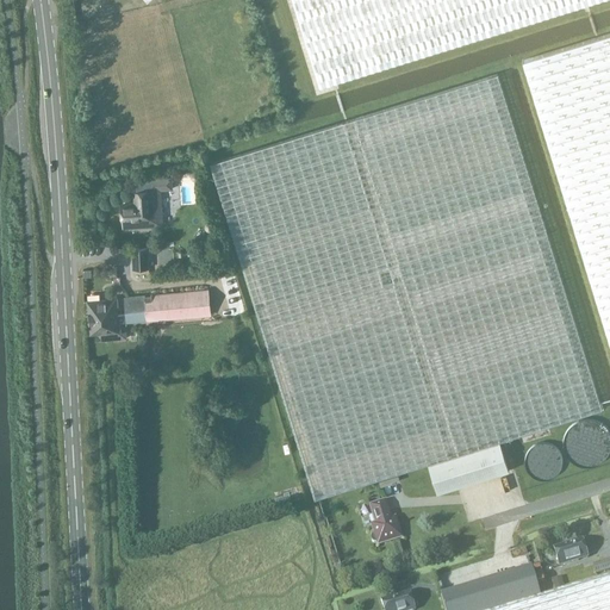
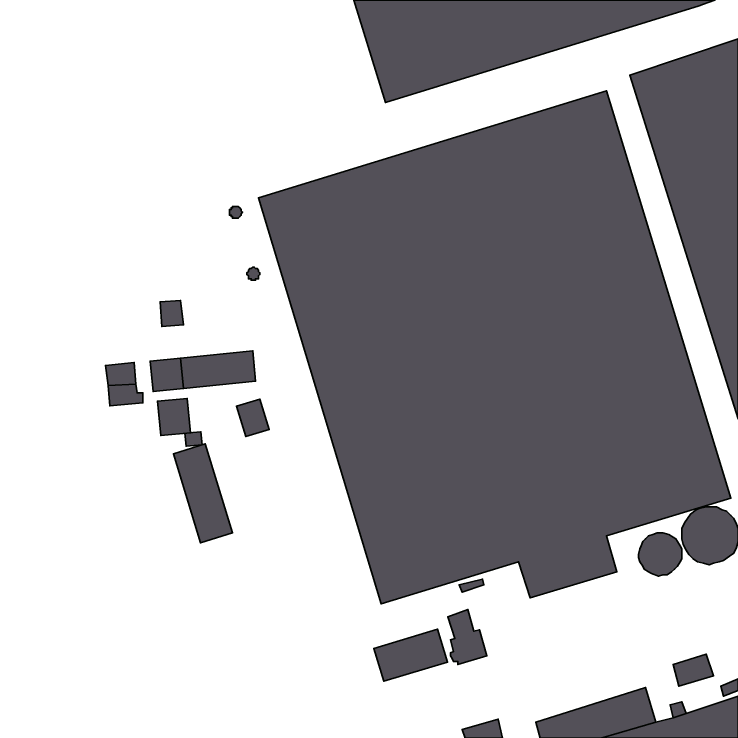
building: [122,176,173,229] -> none
building: none -> [158,398,190,436]
building: none -> [237,399,269,436]
building: none -> [173,444,232,543]
building: none -> [374,629,448,681]

